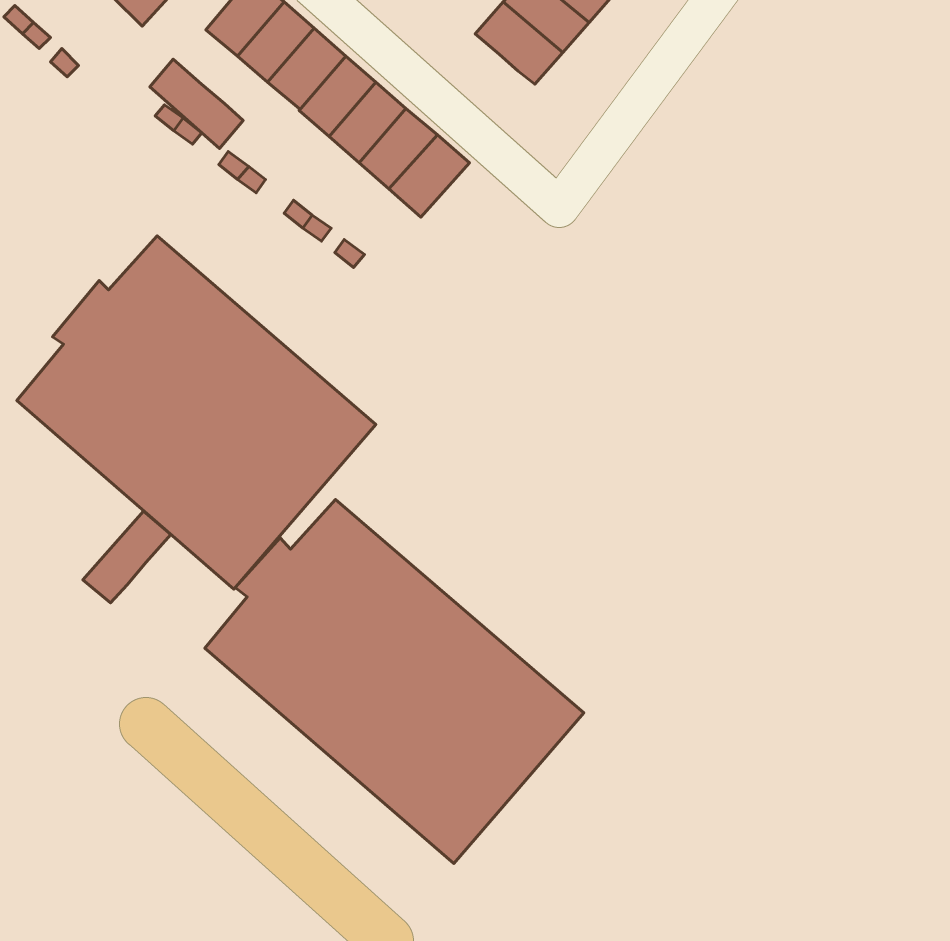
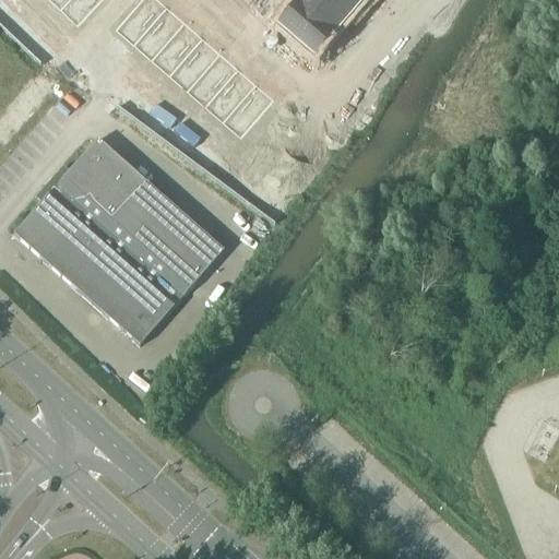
building: [150,59,243,148] -> none
building: [205,499,584,864] -> none
building: [83,511,171,603] -> none

